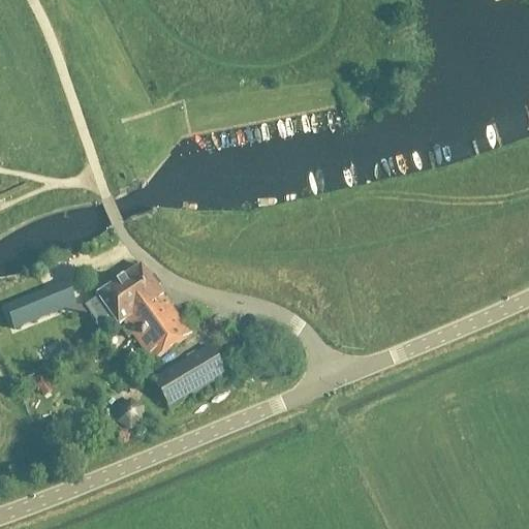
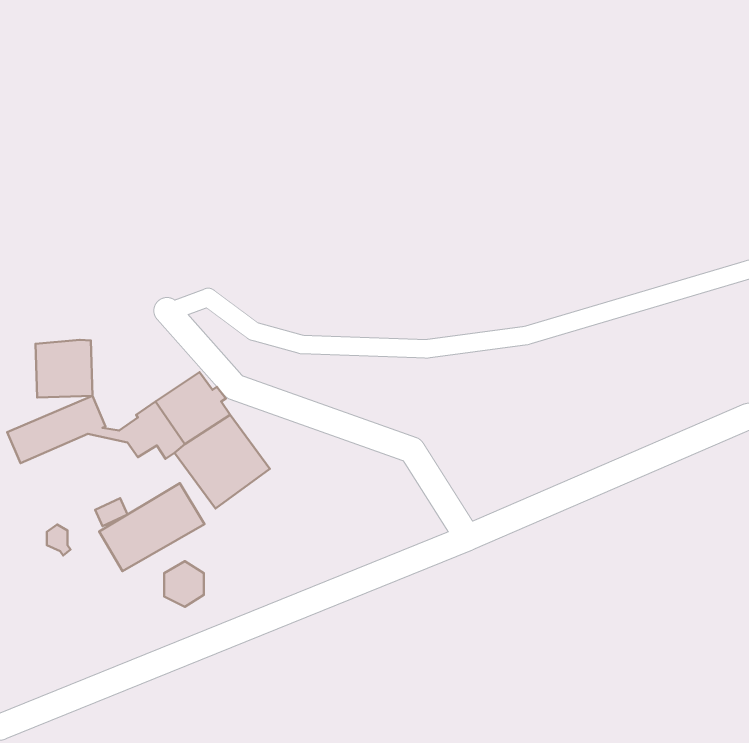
building: none -> [36,340,92,397]
building: [152,343,226,405] -> [99,483,205,571]

